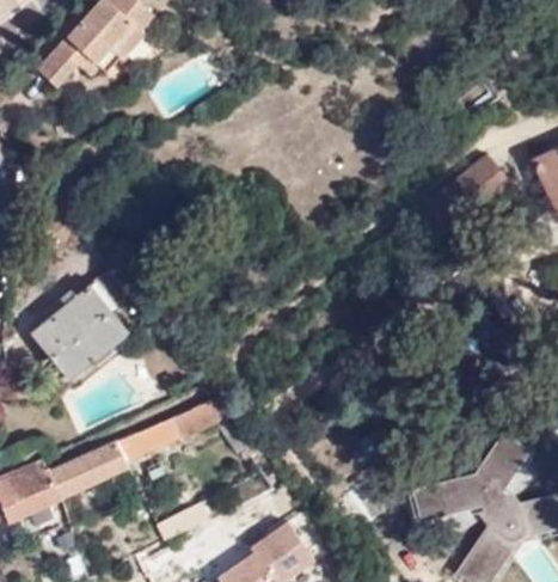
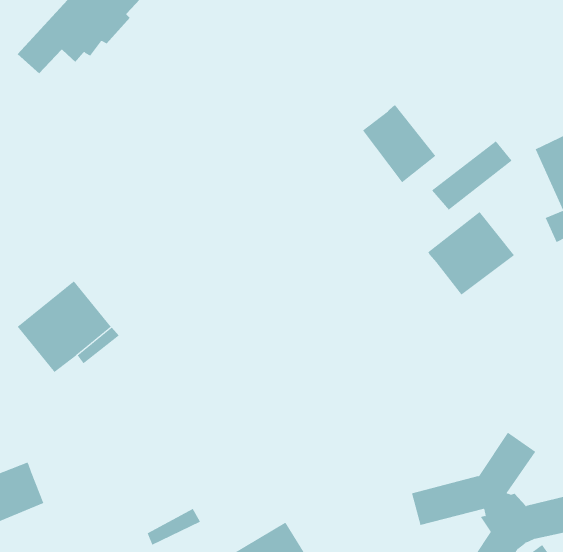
building: none -> [362,104,436,183]
building: none -> [427,211,515,296]
building: [49,403,222,500] -> none

